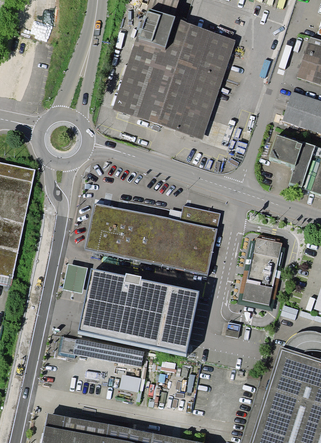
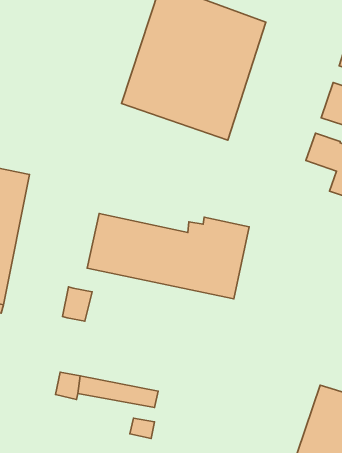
building: [237,235,286,311] -> none
building: [78,268,199,354] -> none

